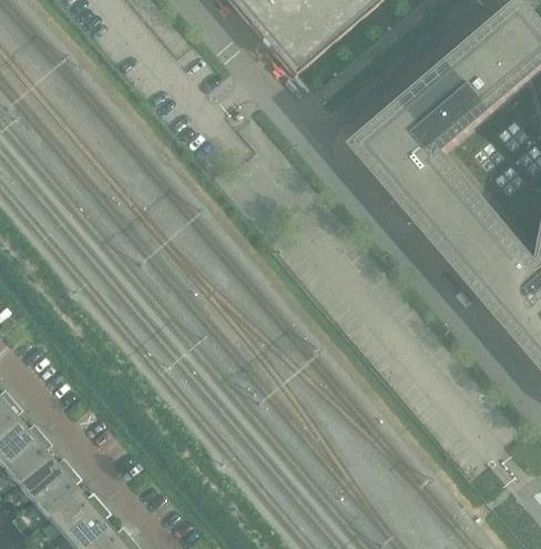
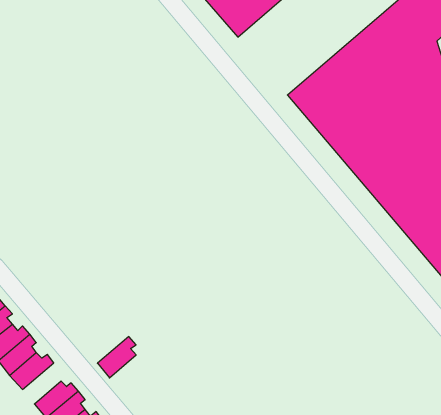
building: [35,464,82,514] -> [97,337,136,378]

